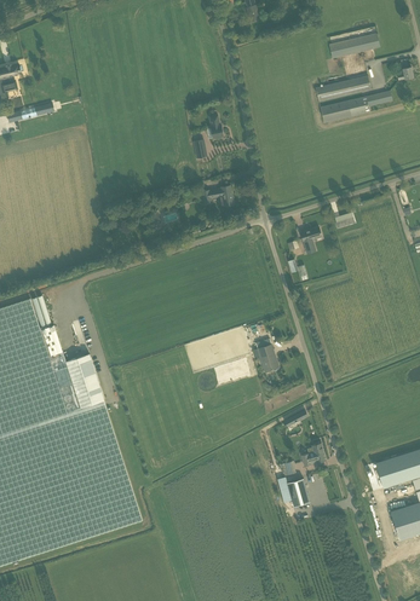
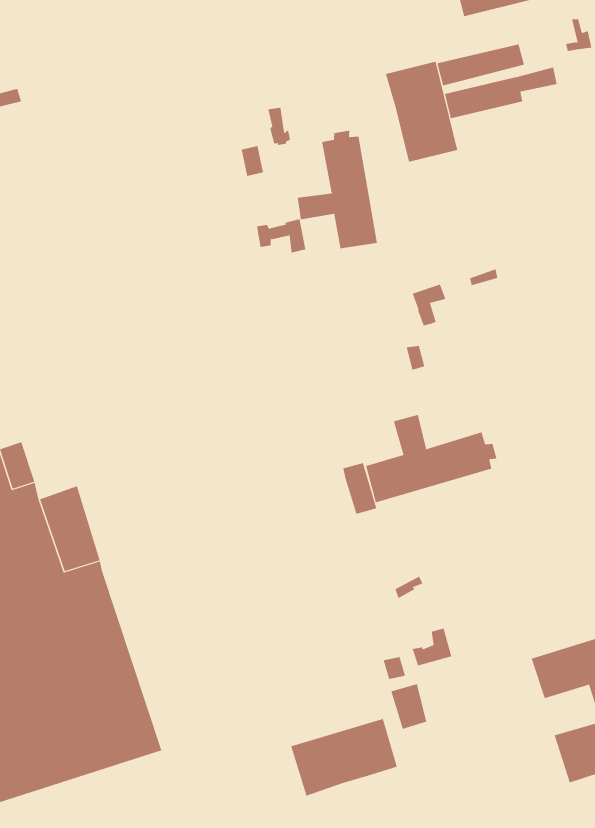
building: none -> [385,61,458,162]
building: none -> [297,130,377,249]
building: none -> [365,414,497,503]
building: none -> [291,718,398,796]

